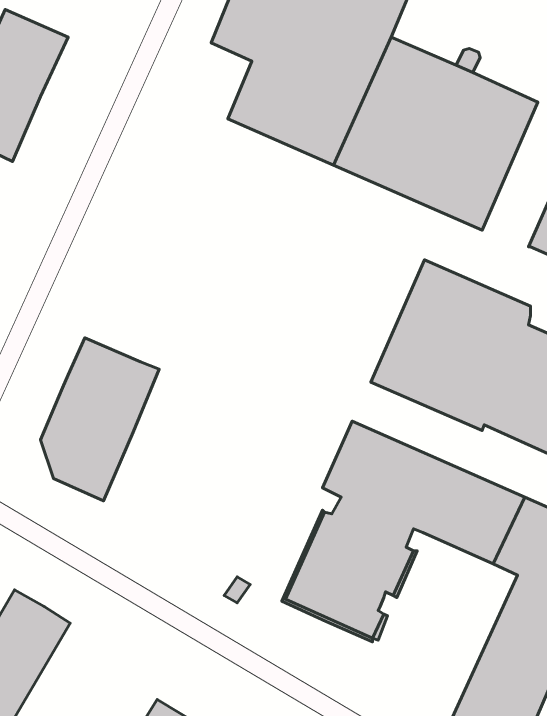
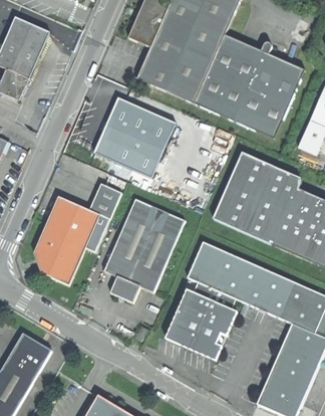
building: none -> [94,96,177,177]
building: none -> [85,183,121,251]
building: none -> [103,198,186,301]

